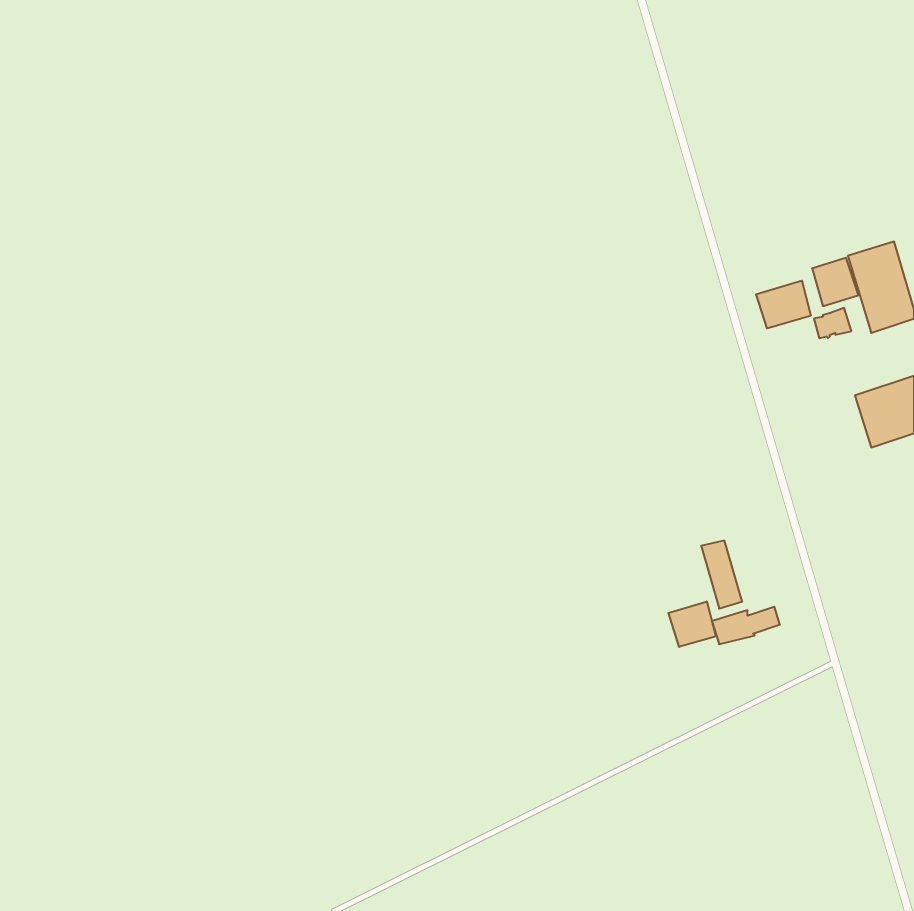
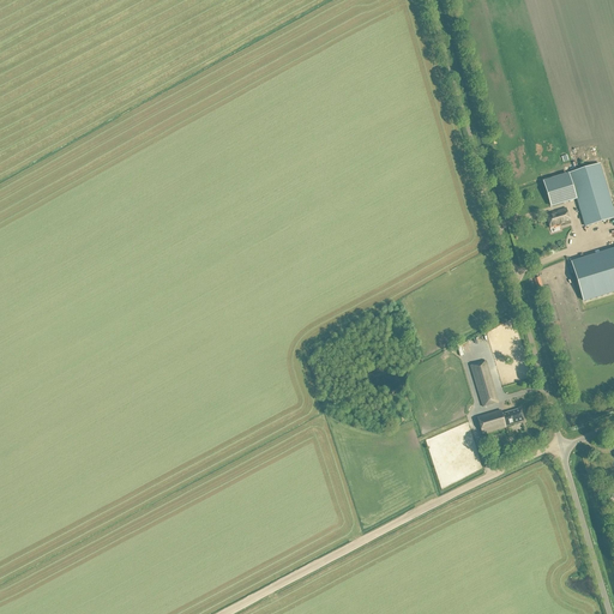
building: [756,281,811,328] -> none
building: [668,601,716,647] -> none

